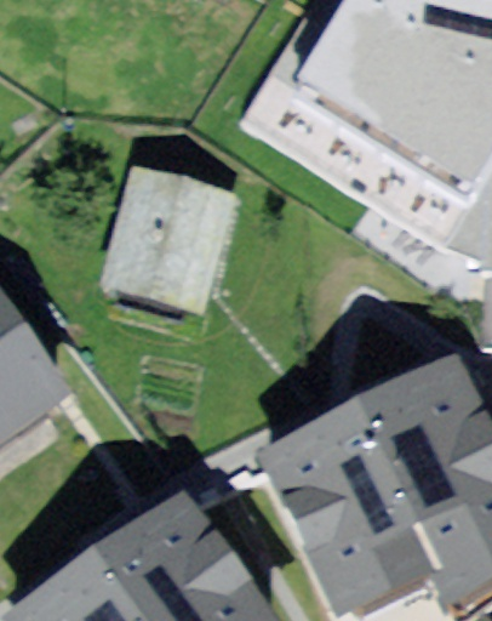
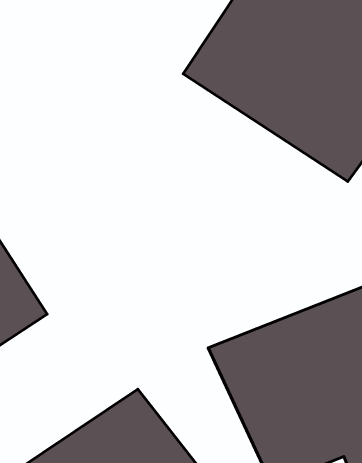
building: [103,163,235,310] -> none

